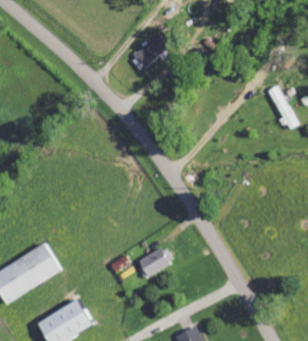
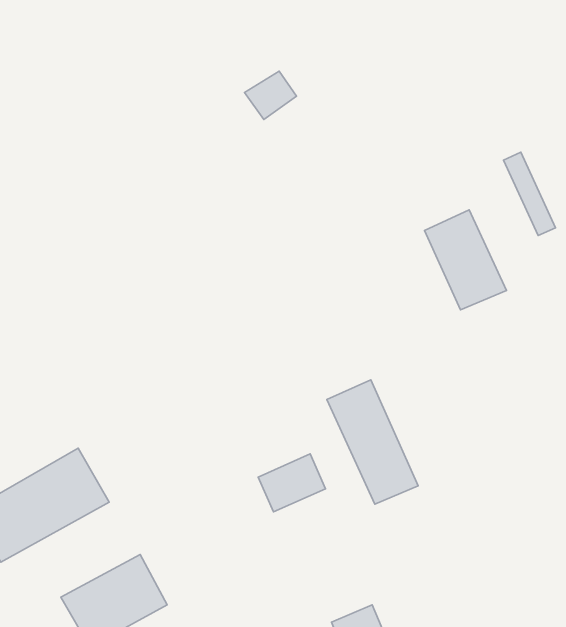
building: none -> [425,210,506,310]
building: none -> [327,380,418,504]

